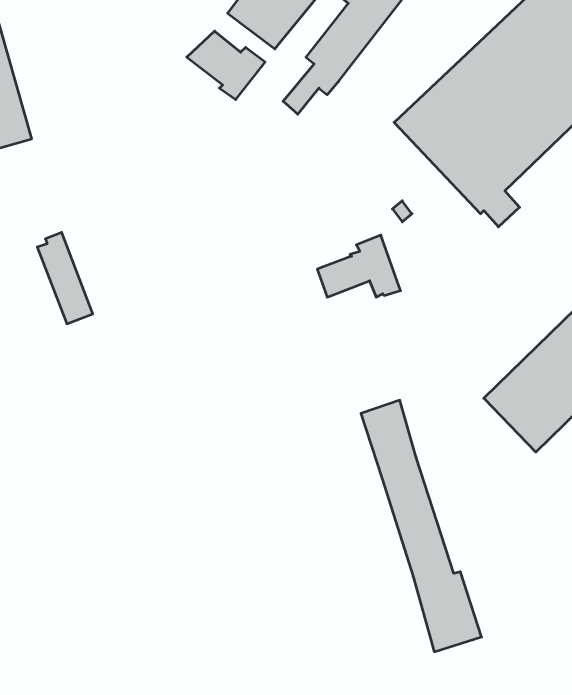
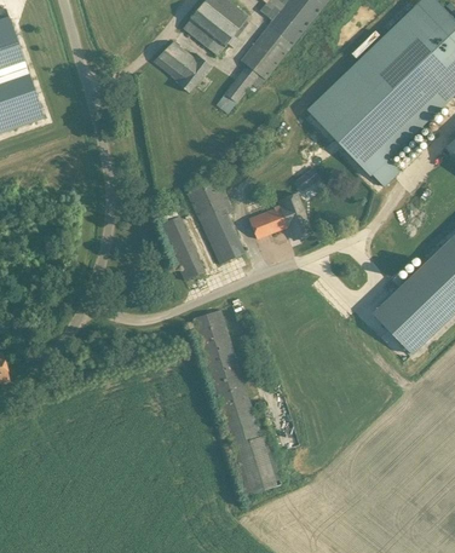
building: none -> [185,172,246,264]
building: [37,232,93,324] -> [162,211,203,278]
building: [361,400,482,652] -> [192,309,282,495]

